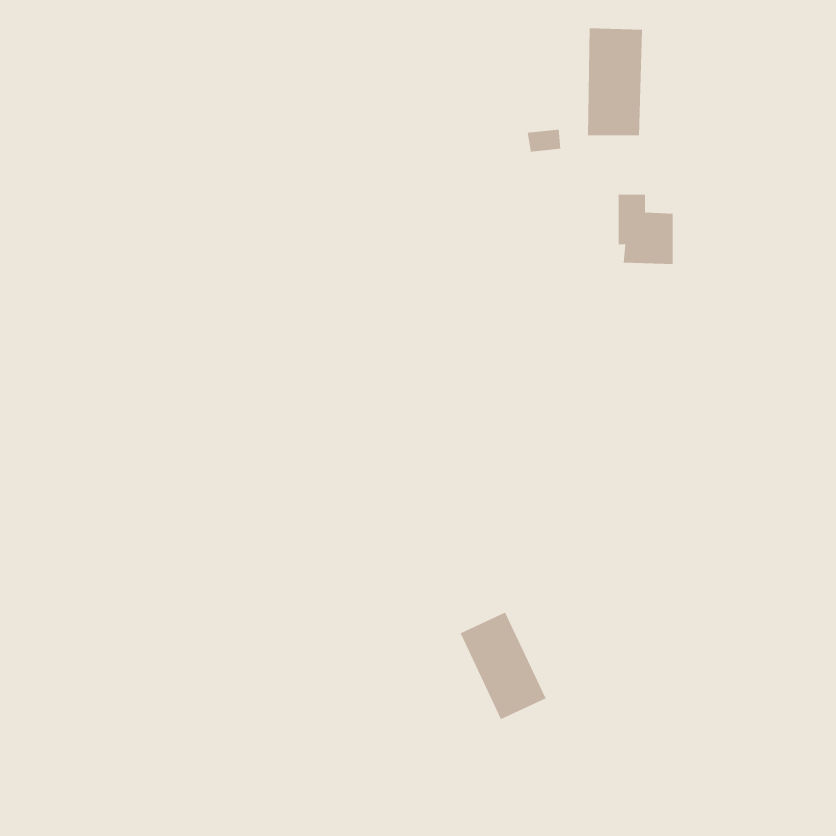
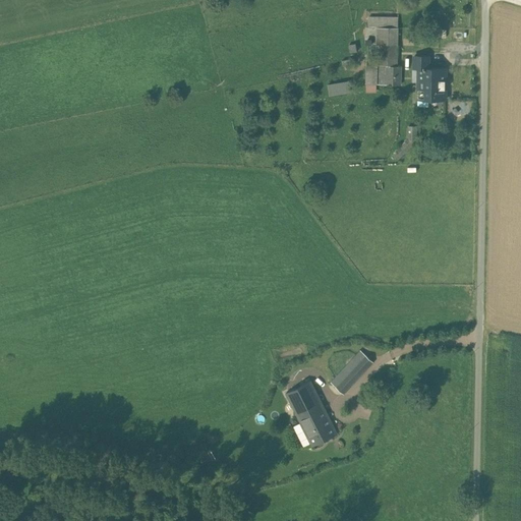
building: [618,194,674,264] -> [413,56,448,100]
building: none -> [330,350,372,393]

